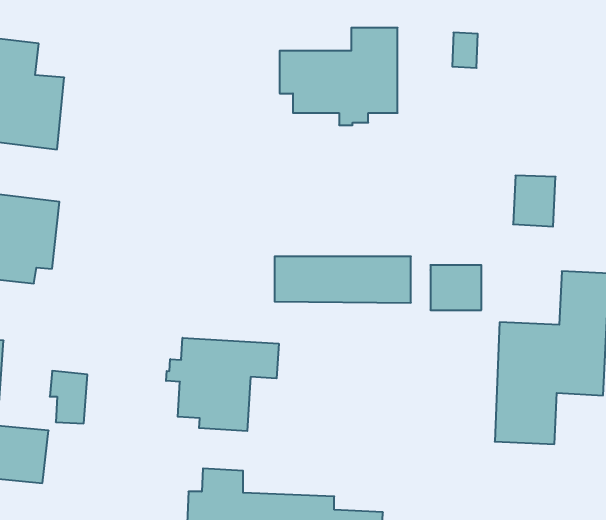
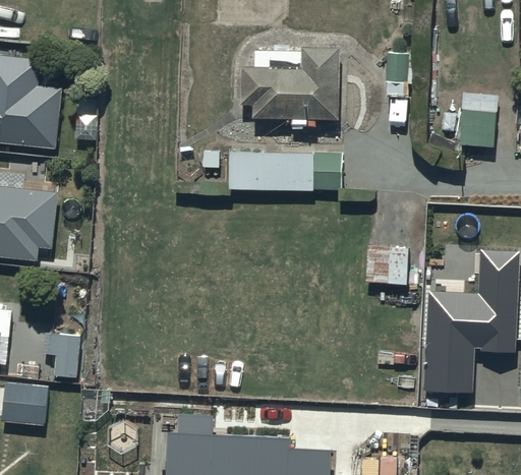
building: [513,176,556,227] -> [459,106,495,149]
building: [275,256,411,303] -> [229,150,343,188]
building: [166,338,279,431] -> none

